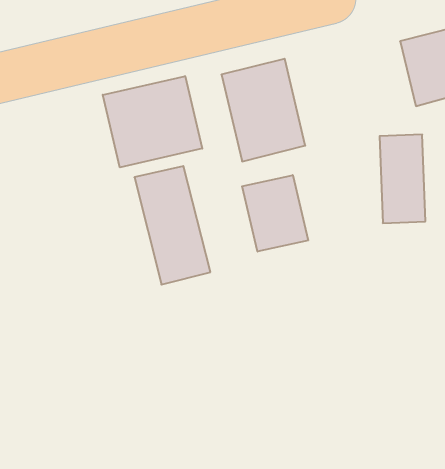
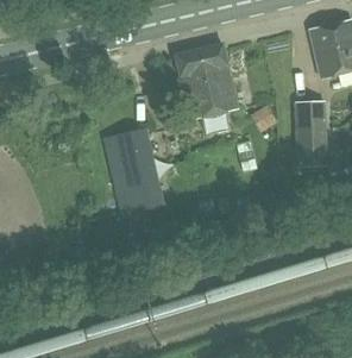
building: [103,76,202,167] -> none
building: [242,175,308,252] -> none

